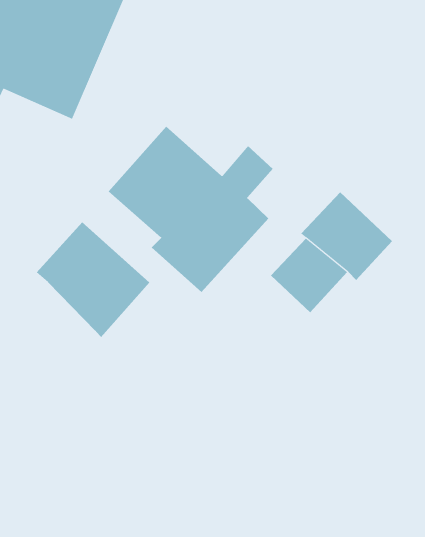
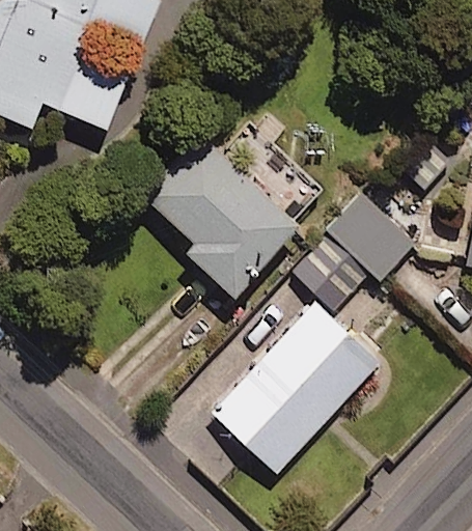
building: [36,222,150,338] -> none
building: none -> [213,305,378,472]

